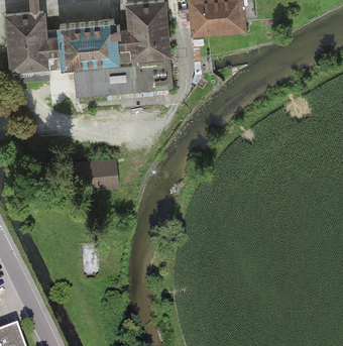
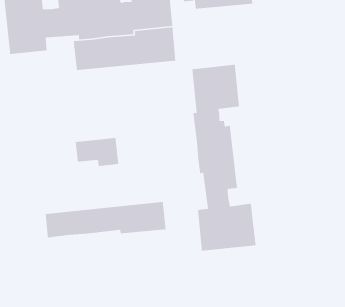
building: none -> [191,64,257,251]
building: none -> [45,201,167,238]

